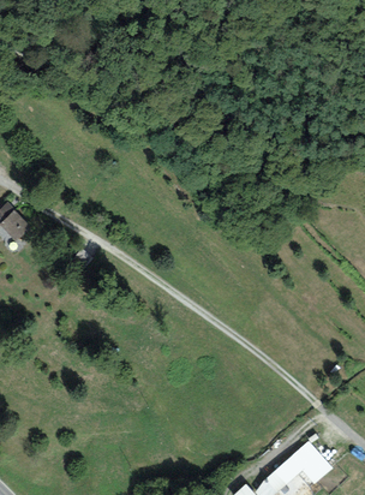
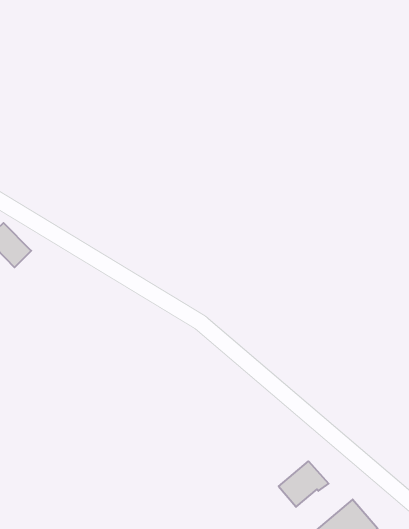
building: none -> [279,461,329,507]

